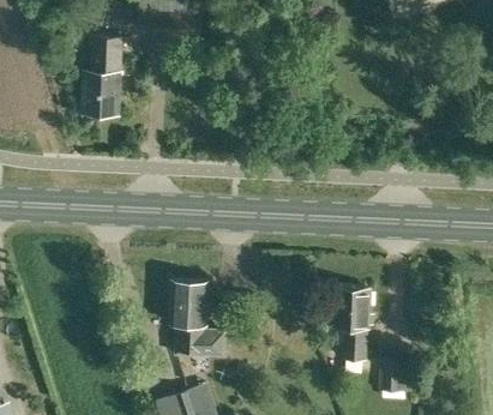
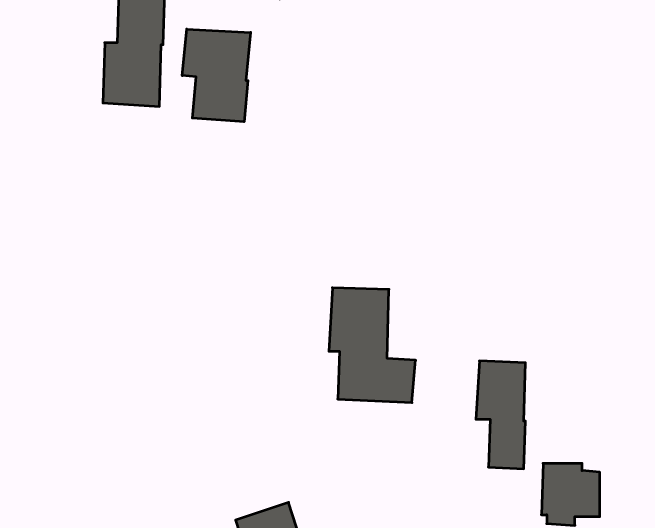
building: none -> [182,29,251,122]
building: [168,281,227,359] -> [329,288,416,403]

